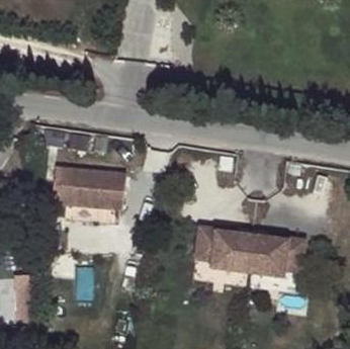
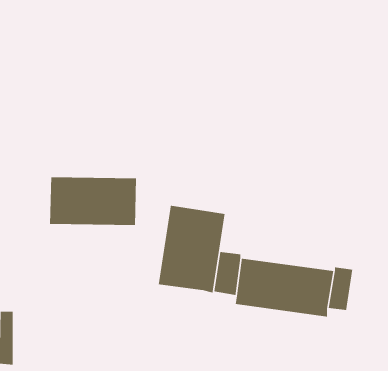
building: none -> [158,205,226,293]

